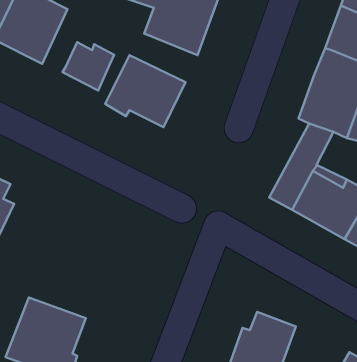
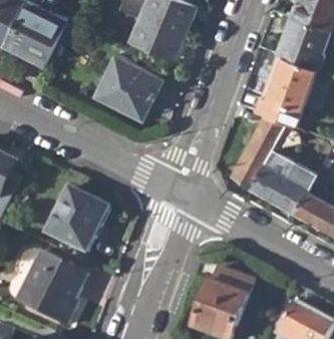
building: [63,42,114,90] -> none
building: none -> [45,190,108,255]

